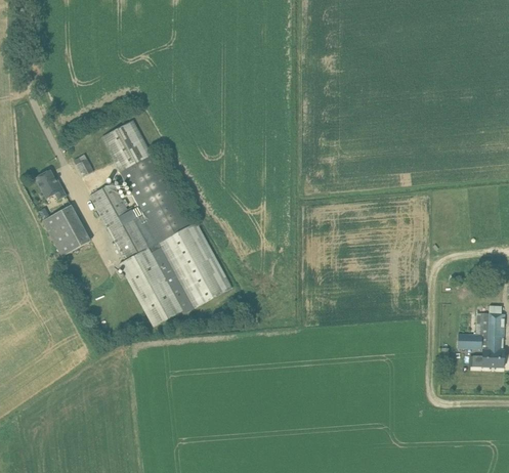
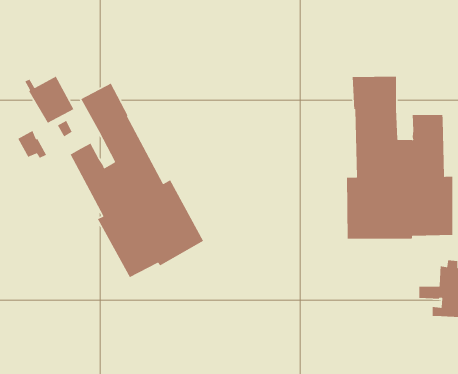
building: none -> [346,76,453,240]
building: [37,205,90,256] -> [24,76,75,124]

